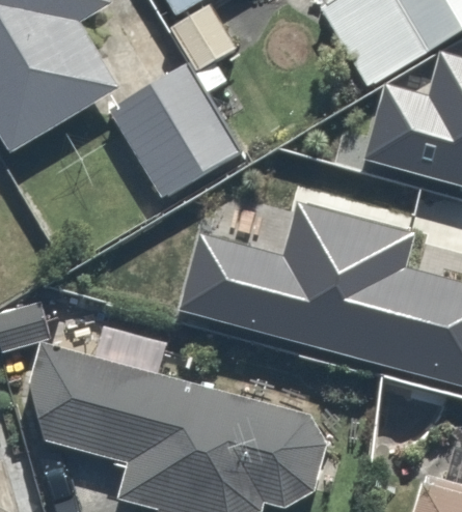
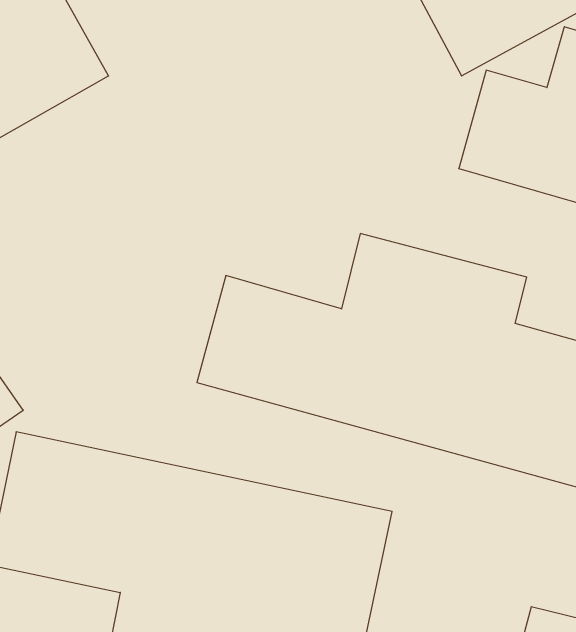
building: [110,59,244,194] -> none

